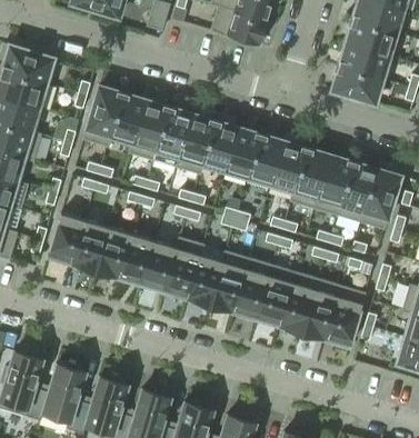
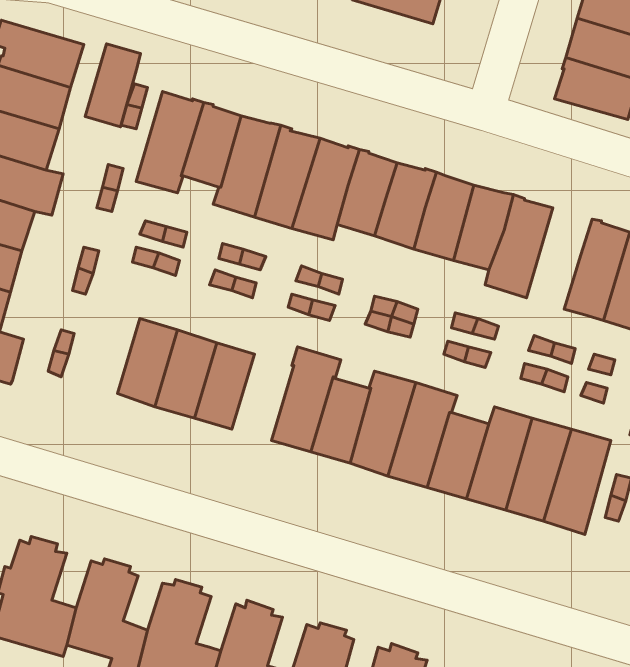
building: none -> [85,44,141,127]
building: [316,156,355,216] -> none
building: [49,215,86,266] -> none
building: [141,242,178,293] -> none

